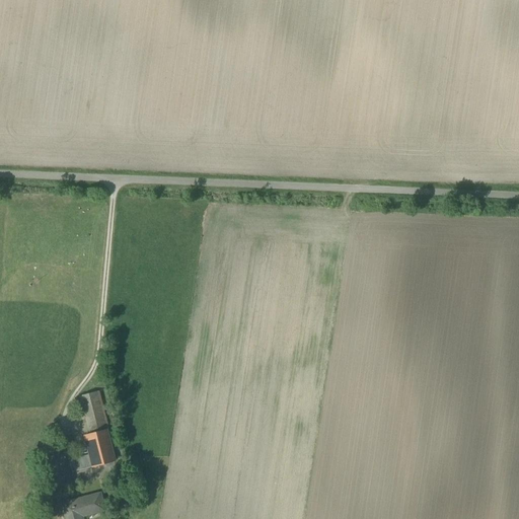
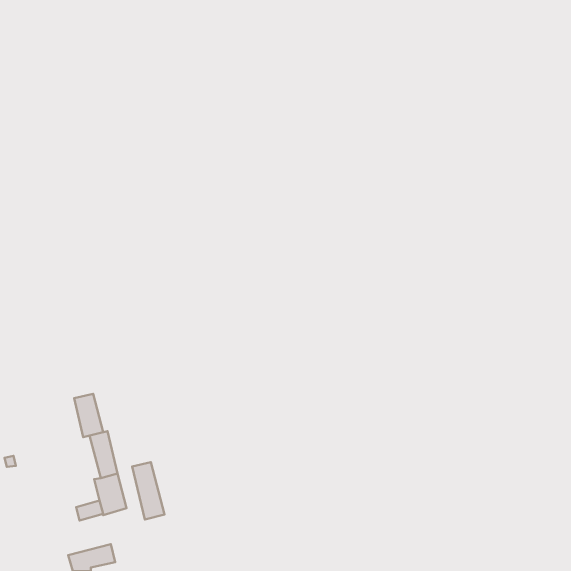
building: none -> [74,394,103,437]
building: none -> [132,462,165,519]

